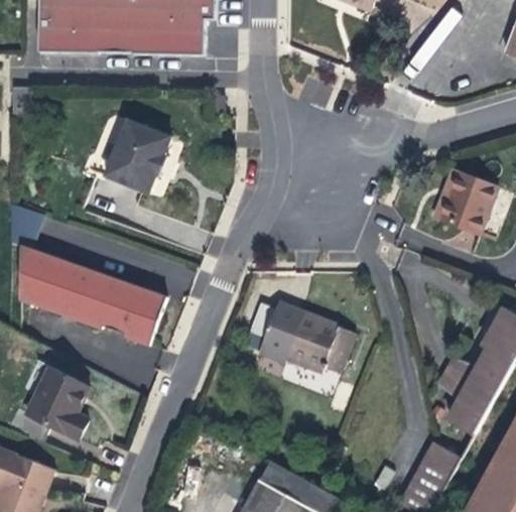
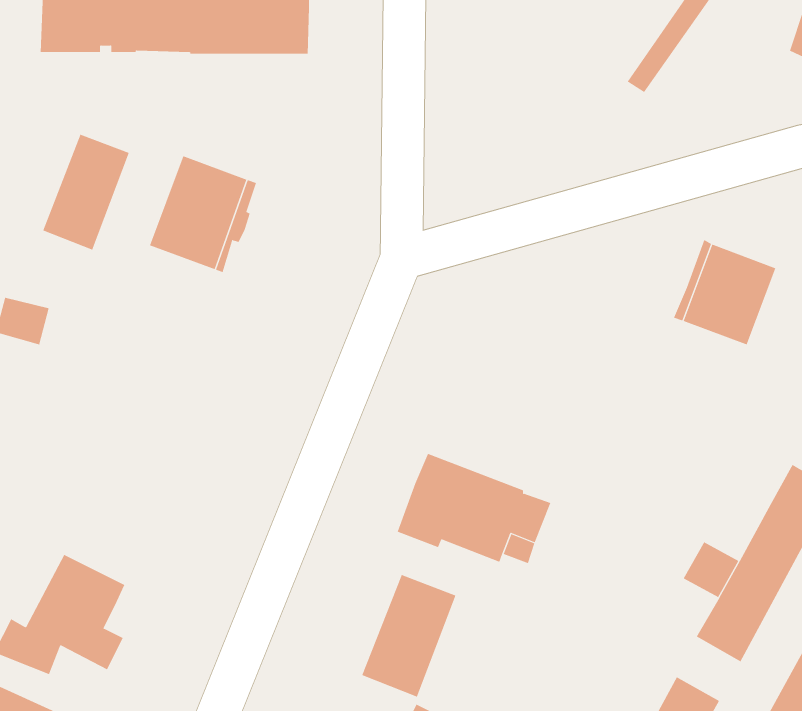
building: none -> [42,134,129,250]
building: [18,244,166,346] -> none
building: none -> [361,574,456,698]

